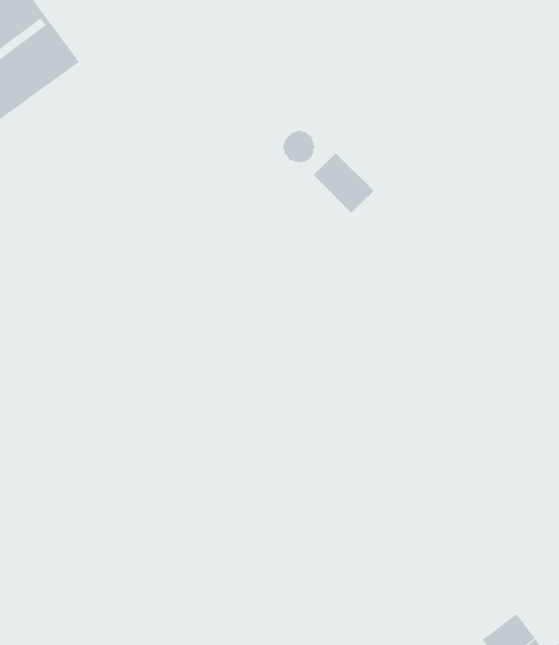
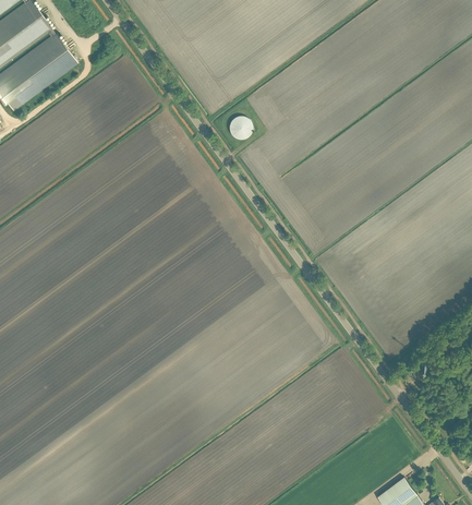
building: [313,152,374,213] -> none

